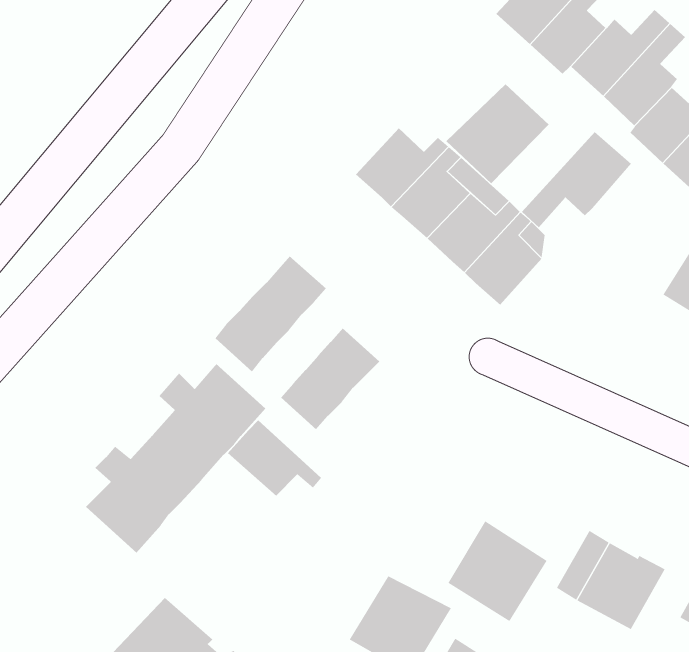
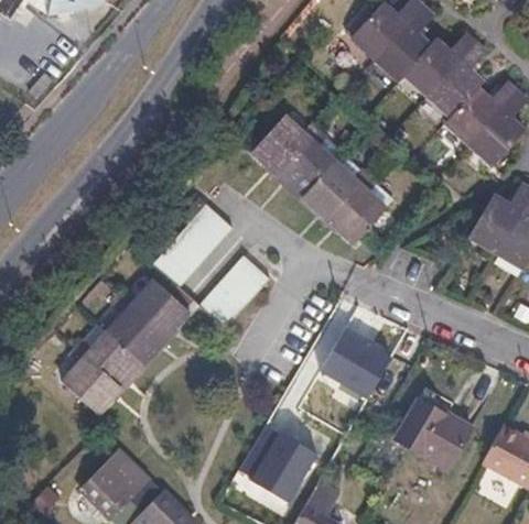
building: [445,84,549,184] -> none
building: [521,131,632,228] -> none
building: [227,419,322,497] -> none
building: [447,520,547,622] -> [321,328,391,400]

